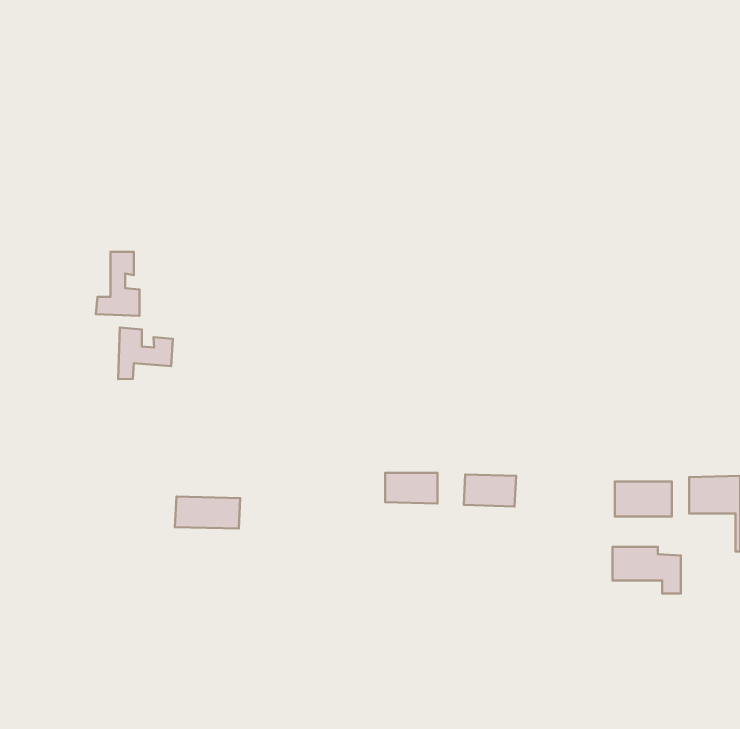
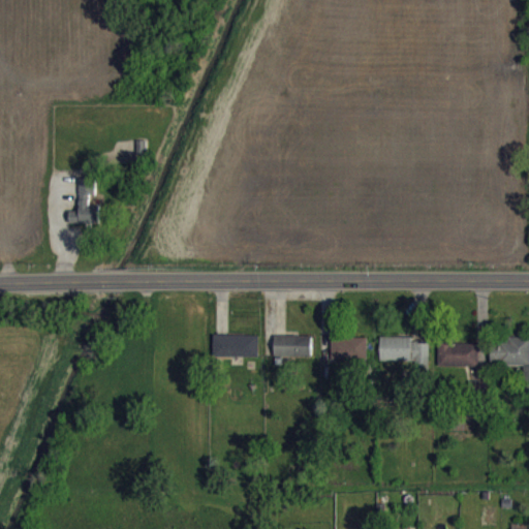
building: [118,328,173,379] -> none
building: [175,497,240,529] -> [212,335,258,357]
building: [613,547,681,593] -> [379,337,428,370]

